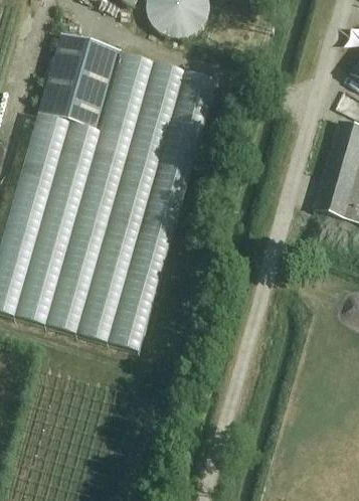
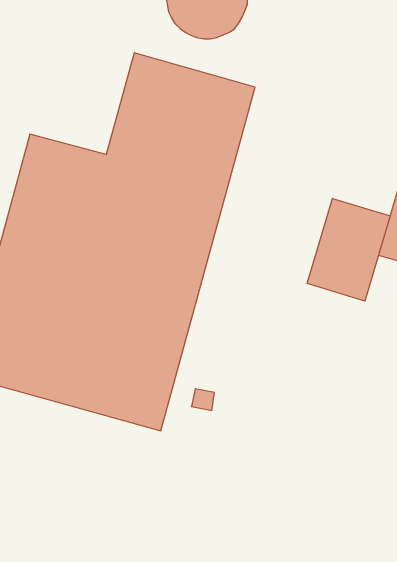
building: [38,33,121,130] -> none
building: none -> [307,198,390,301]

